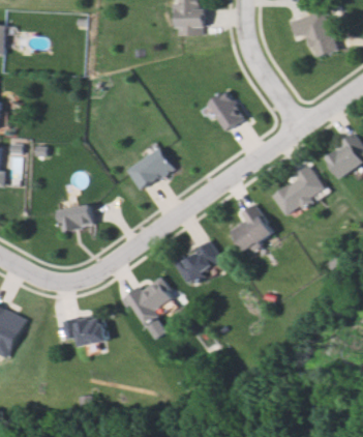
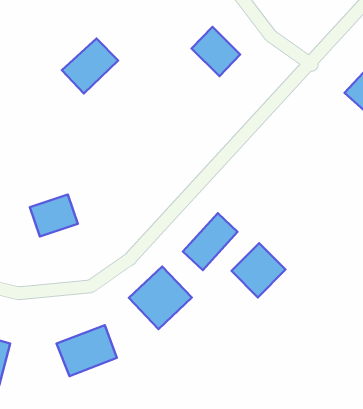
building: [127,147,174,190] -> [62,38,118,94]
building: [275,170,327,216] -> none
building: [231,208,274,252] -> [232,243,285,297]

